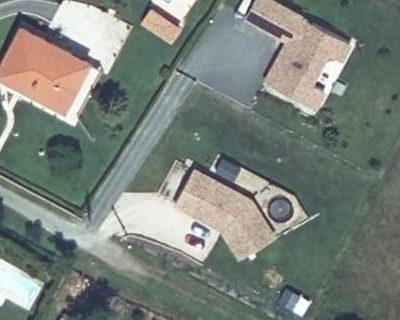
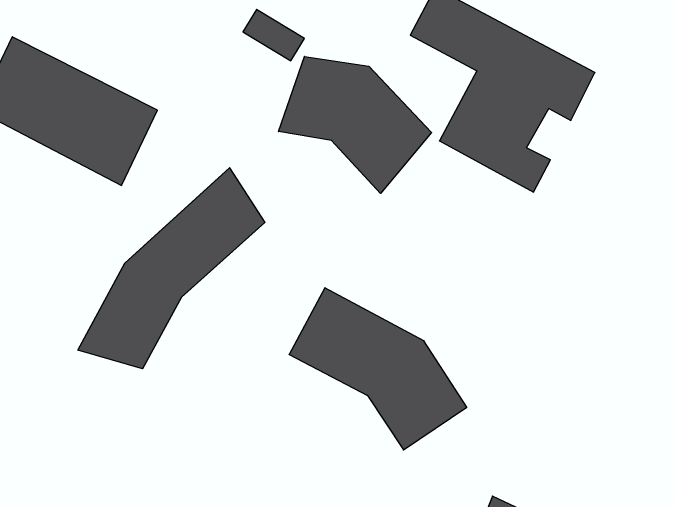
building: none -> [279,56,432,193]
building: none -> [78,168,265,369]

